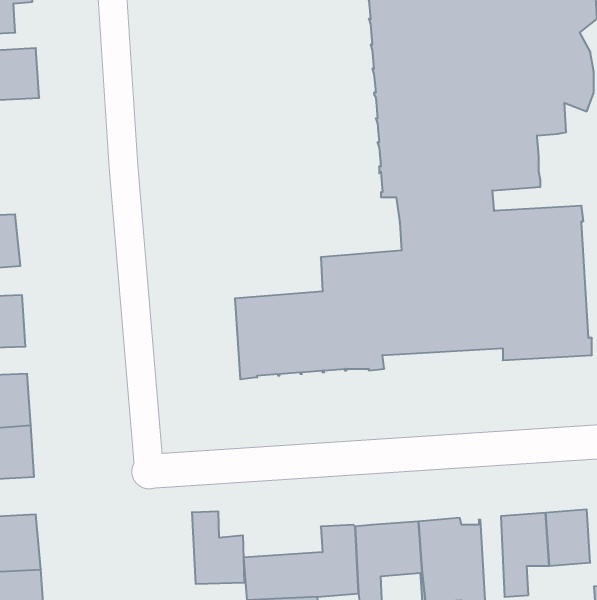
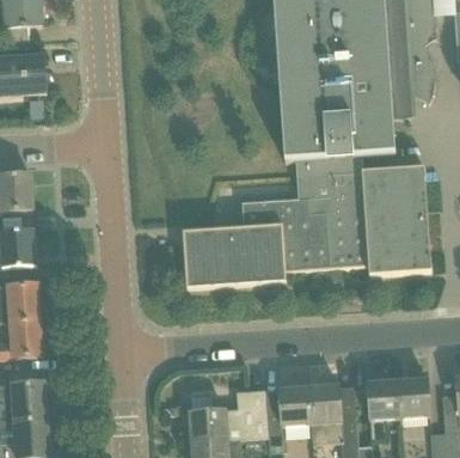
building: [192,511,244,584] -> none

